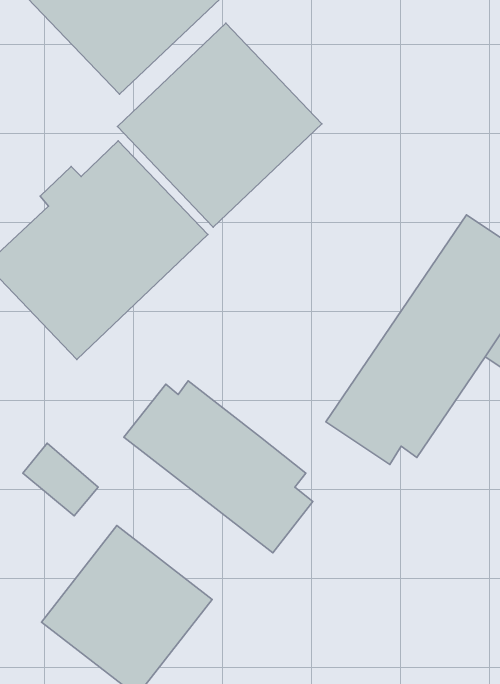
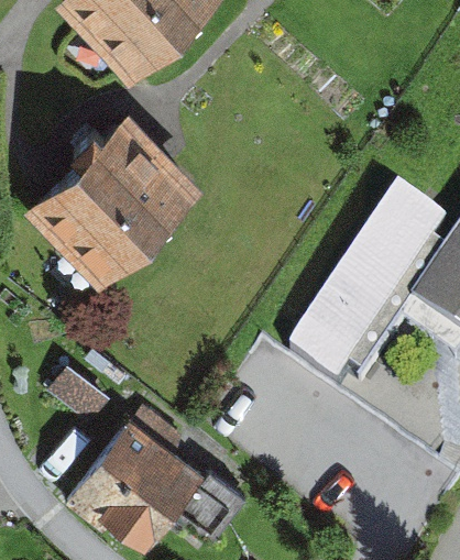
building: [117,23,322,227] -> none
building: [124,381,313,553] -> none

